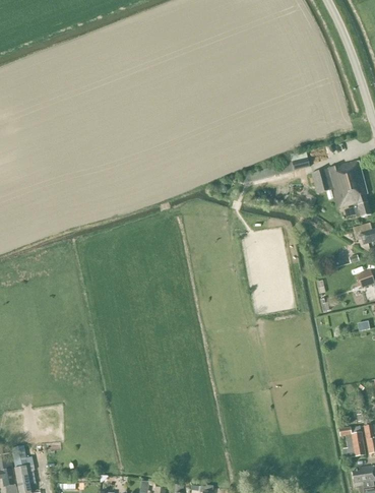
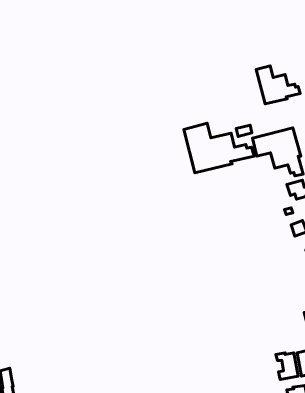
building: none -> [256,66,300,104]
building: none -> [184,123,254,173]

